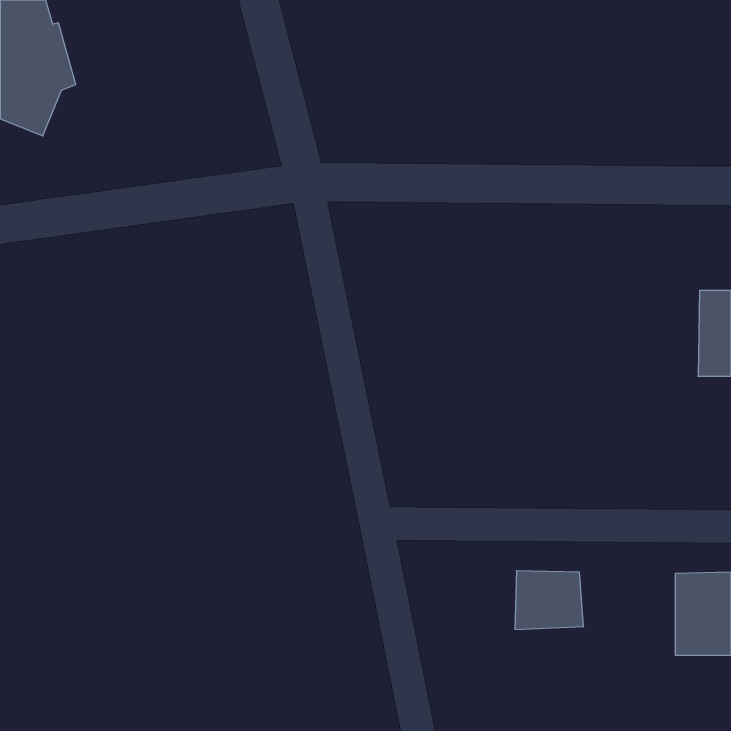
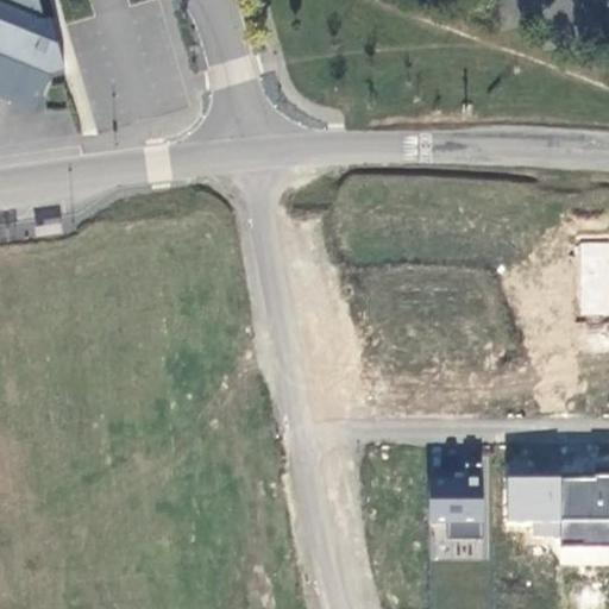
building: none -> [507,476,561,540]

